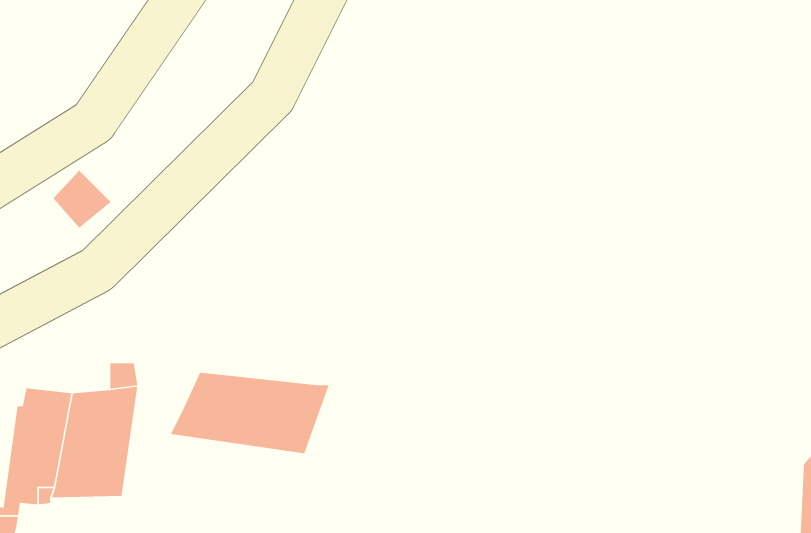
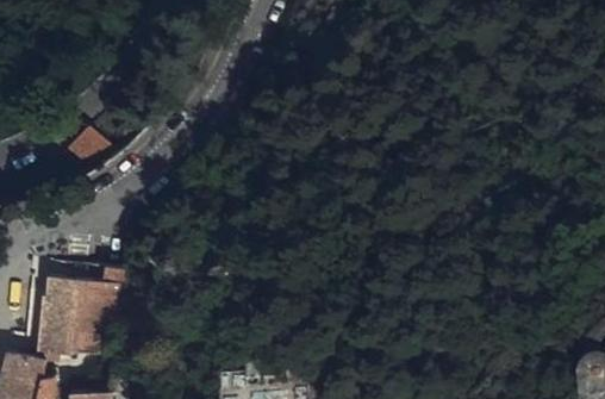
building: [170,372,330,454] -> none

